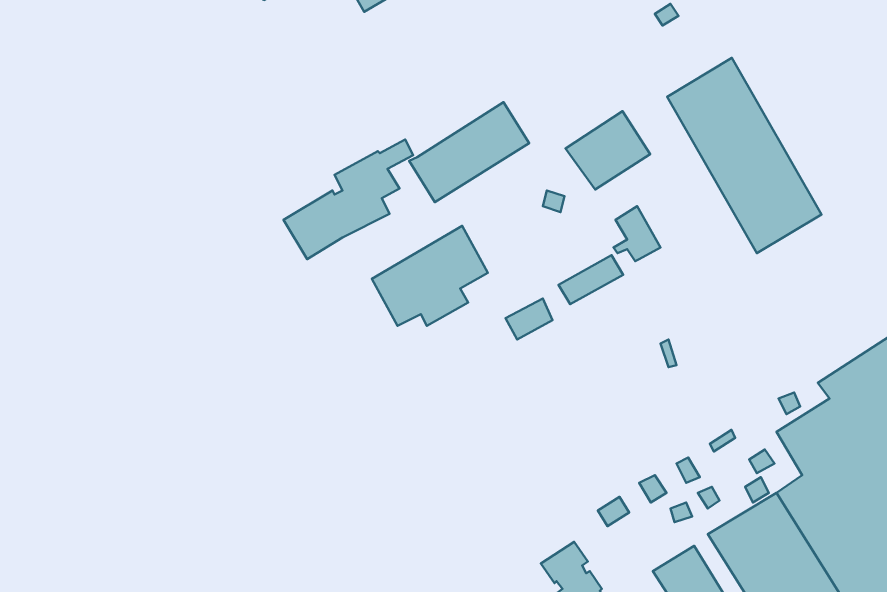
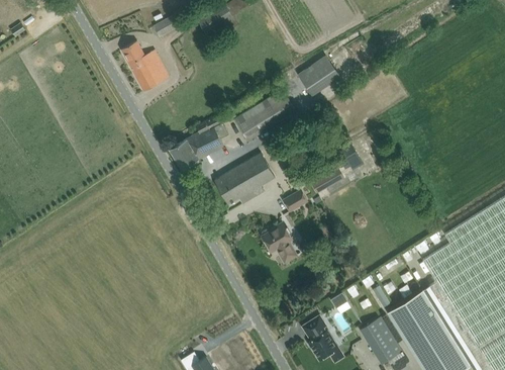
building: none -> [122,41,170,90]
building: [667,58,821,253] -> none
building: [566,111,650,190] -> [297,55,340,95]
building: none -> [263,222,297,263]

